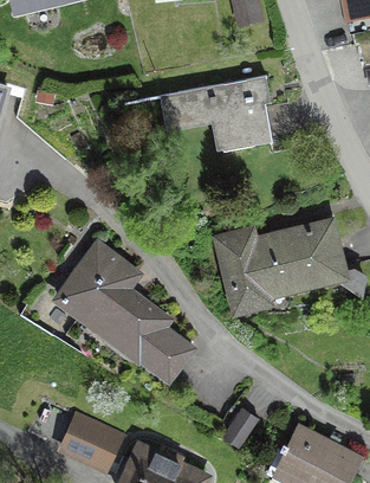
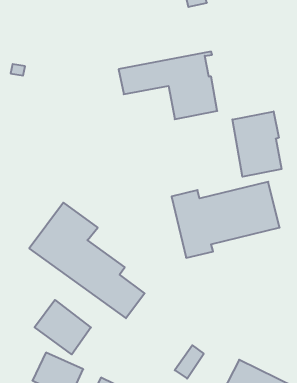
building: none -> [232,111,282,177]
building: none -> [35,300,91,354]

